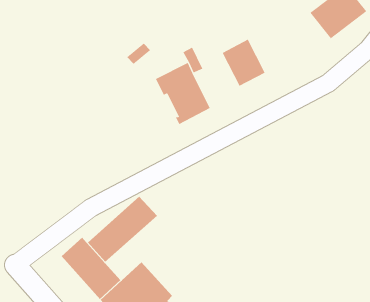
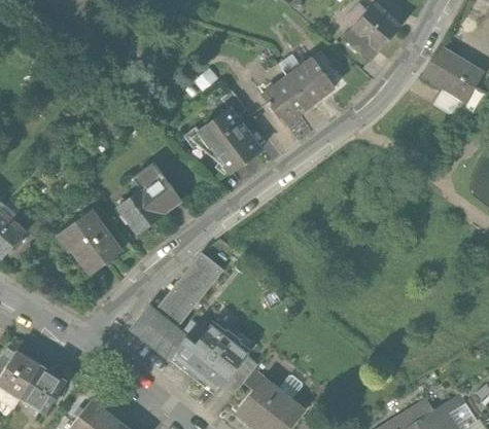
building: none -> [286,55,336,105]
building: none -> [118,164,181,234]
building: none -> [58,210,121,274]

